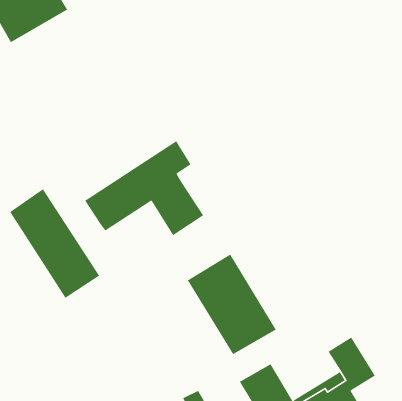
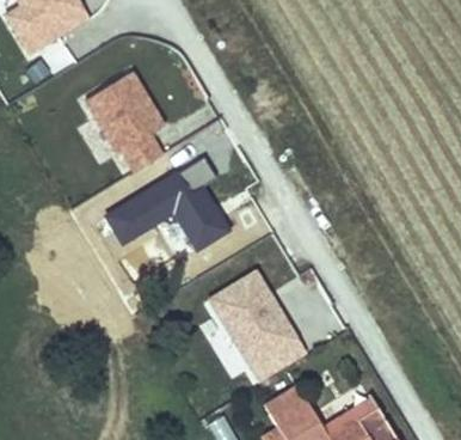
building: none -> [84,71,165,171]
building: [9,188,100,299] -> none

